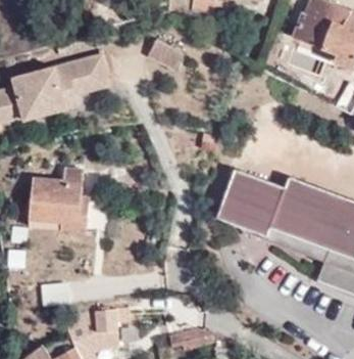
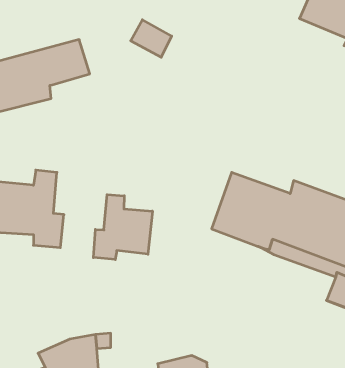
building: none -> [93,195,152,260]

